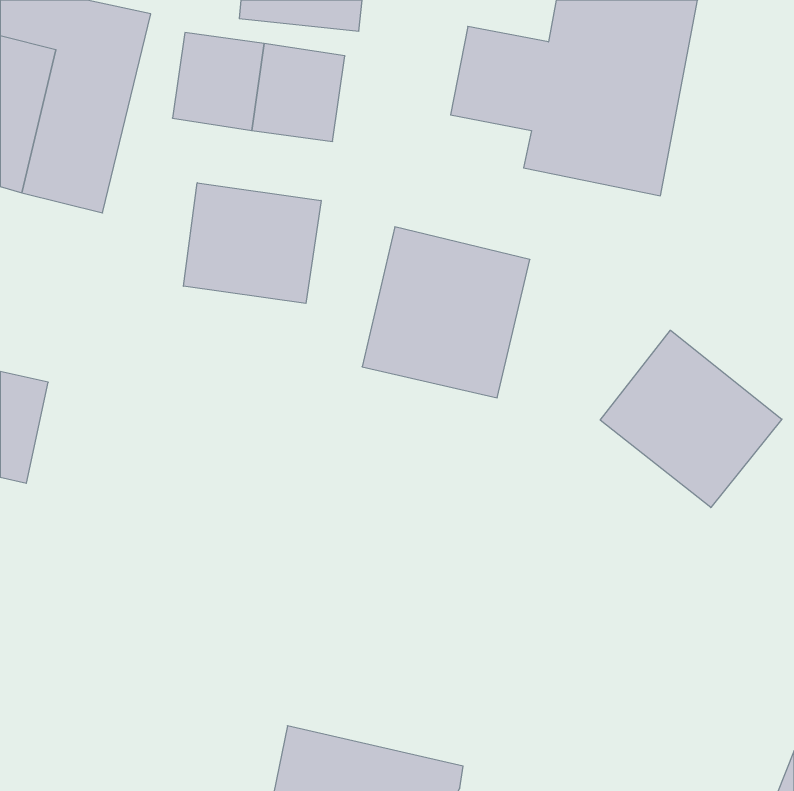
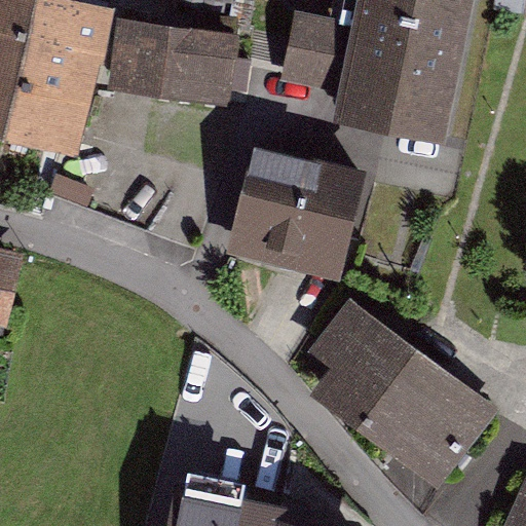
building: [183,183,321,303] -> none
building: [600,330,782,508] -> none
building: none -> [321,306,486,477]

